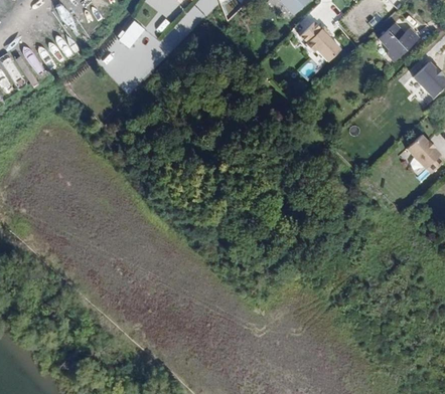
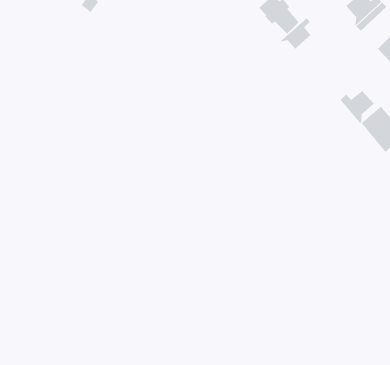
building: none -> [279,18,311,50]
building: none -> [340,90,375,124]

